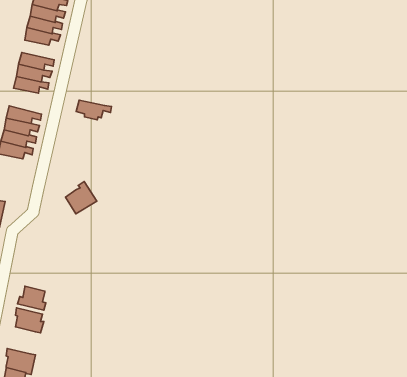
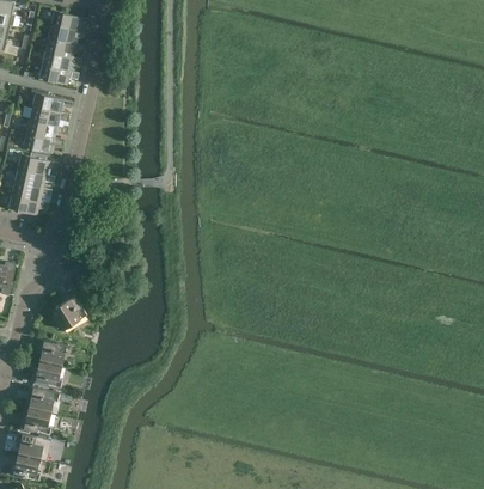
building: [76,100,112,120] -> [22,133,62,155]
building: [65,181,97,214] -> [50,292,86,329]
building: none -> [38,338,66,366]
building: none -> [19,407,51,434]

